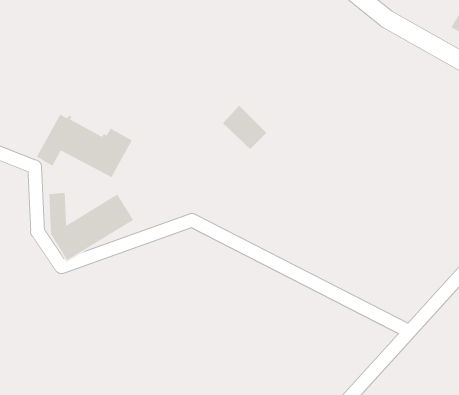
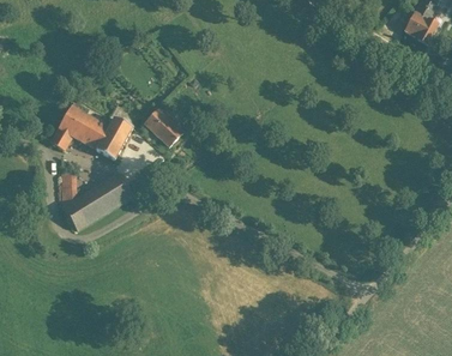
building: [222,105,267,150] -> [145,107,183,145]

